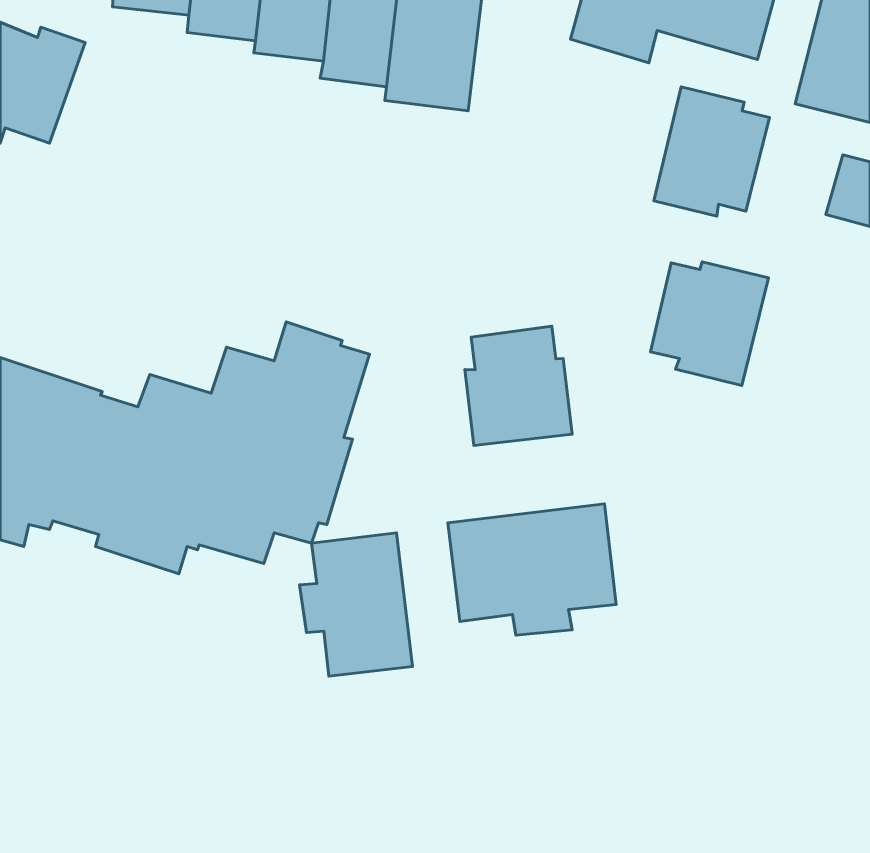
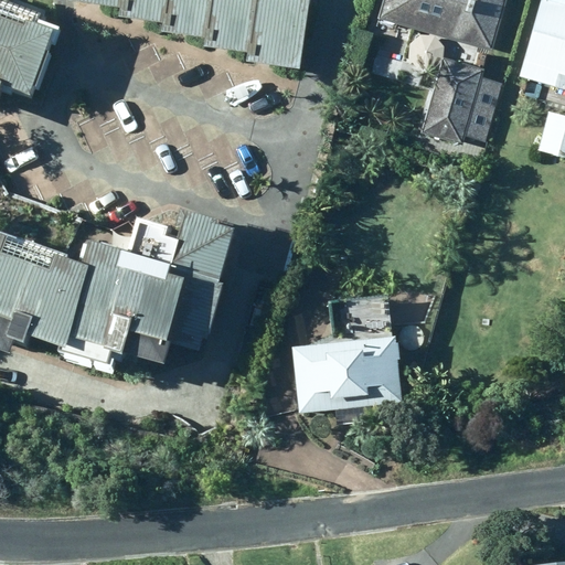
building: [651,262,769,385] -> none
building: [465,326,572,445] -> none
building: [299,533,412,676] -> none

